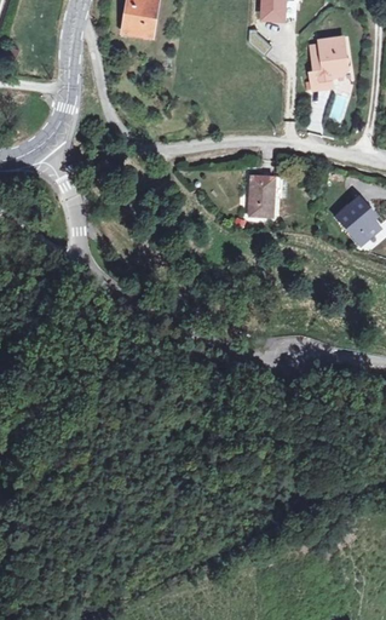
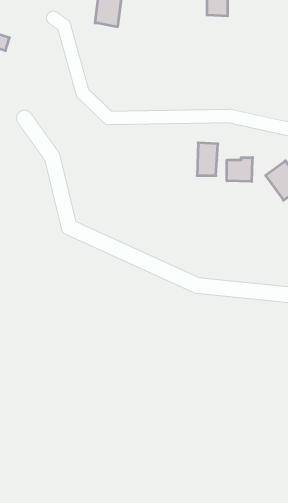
building: [310,36,347,86] -> none
building: none -> [227,157,253,182]

